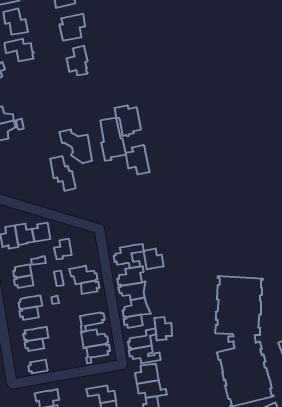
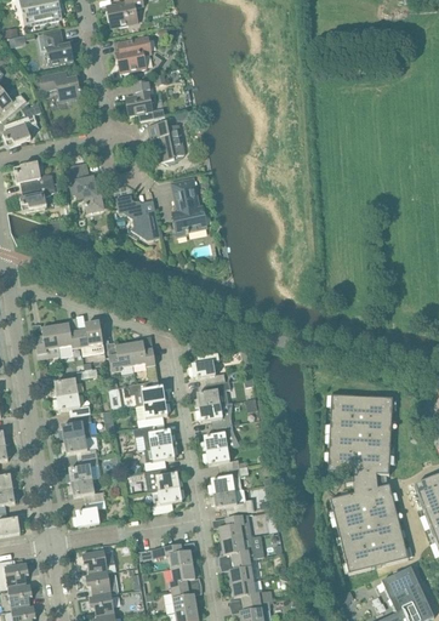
building: [114,105,141,136] -> [148,120,184,161]
building: [126,145,150,175] -> none
building: [50,156,76,191] -> [68,163,103,210]
building: none -> [129,340,158,380]
building: [144,248,163,269] -> none
building: none -> [132,423,175,448]
building: [155,317,172,341] -> none

